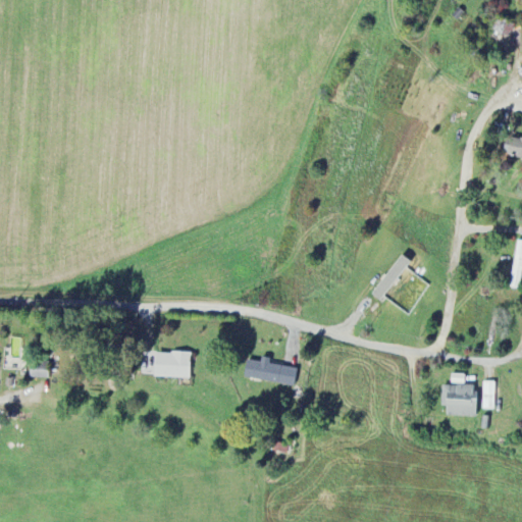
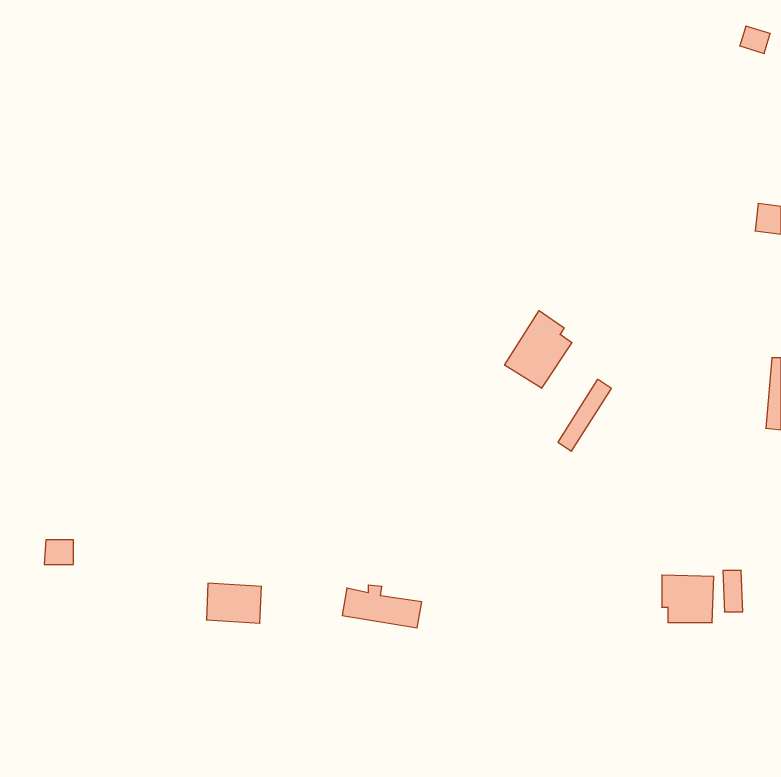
building: none -> [505,311,572,388]
building: [154,351,191,377] -> [206,583,261,623]
building: [244,356,297,384] -> [342,585,422,628]

